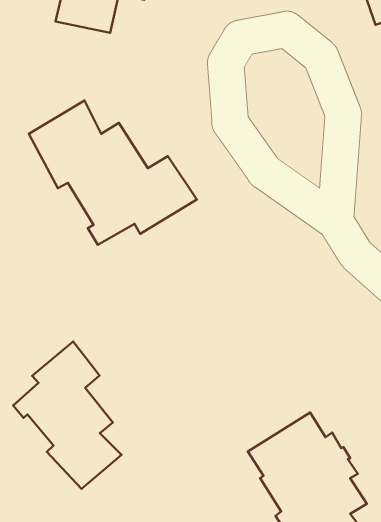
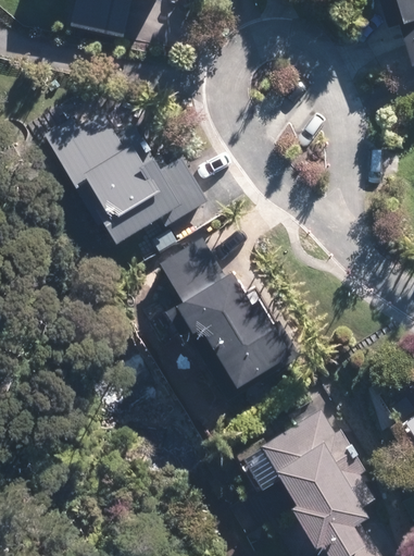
building: none -> [161,236,288,388]
building: [13,342,121,489] -> none

